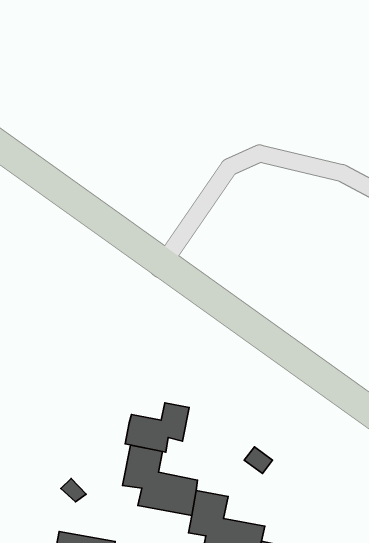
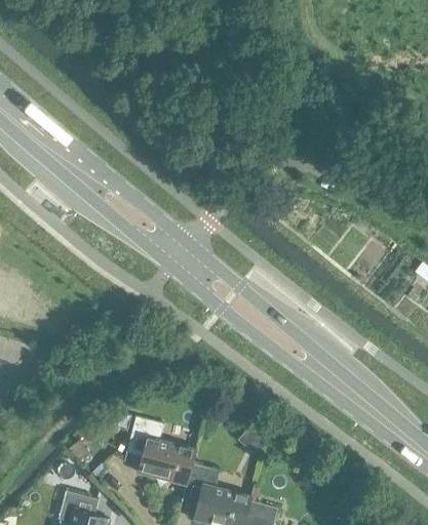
building: [125,403,189,452] -> none

